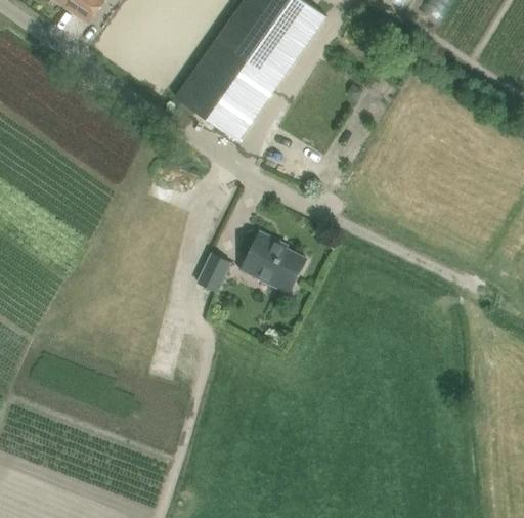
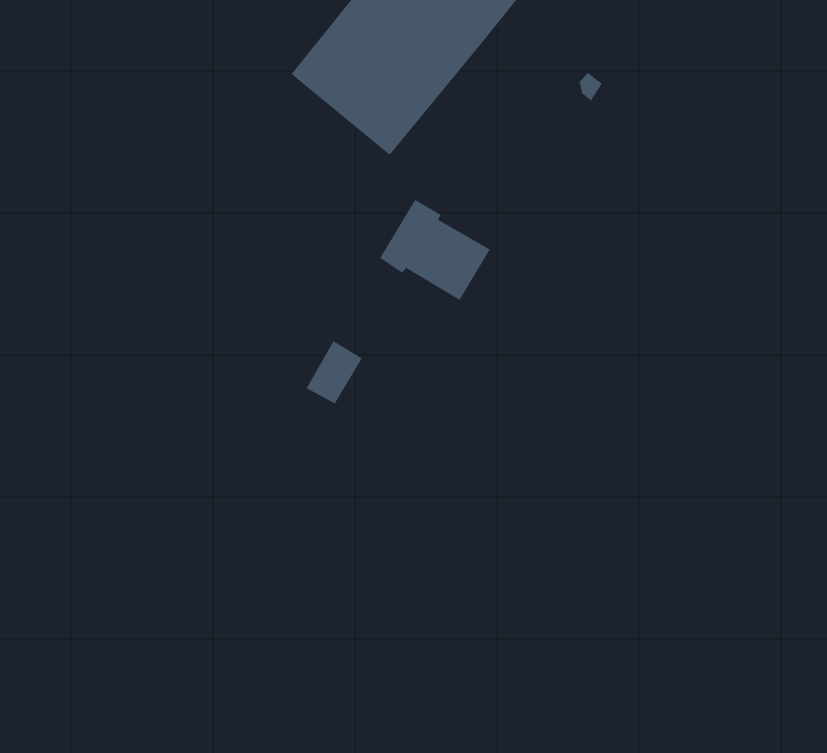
building: [241,231,306,293] -> [379,199,491,306]

